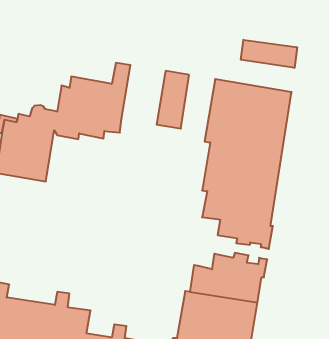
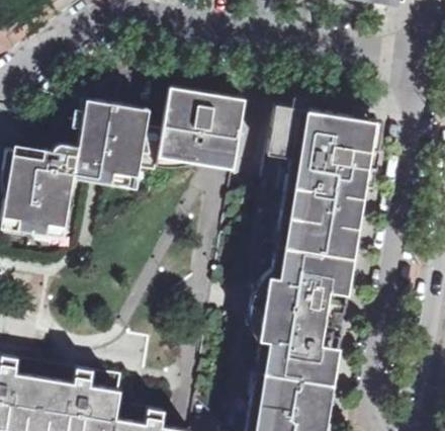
building: [241,40,297,68] -> none
building: none -> [165,86,219,160]
building: none -> [253,276,340,340]

